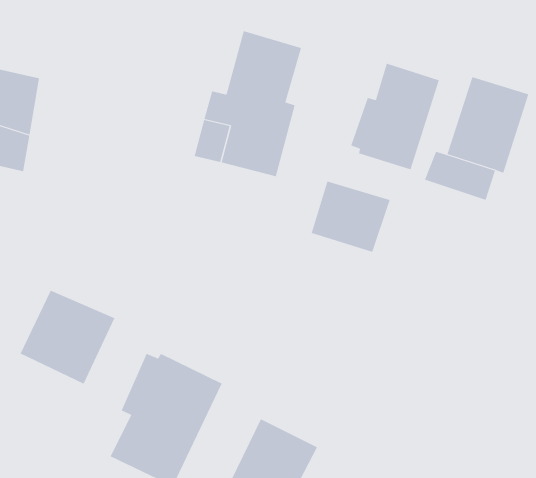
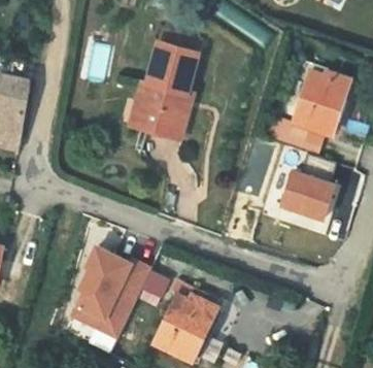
building: [350,63,440,170] -> none
building: [311,181,390,252] -> [283,175,335,222]
building: [20,290,115,384] -> none

